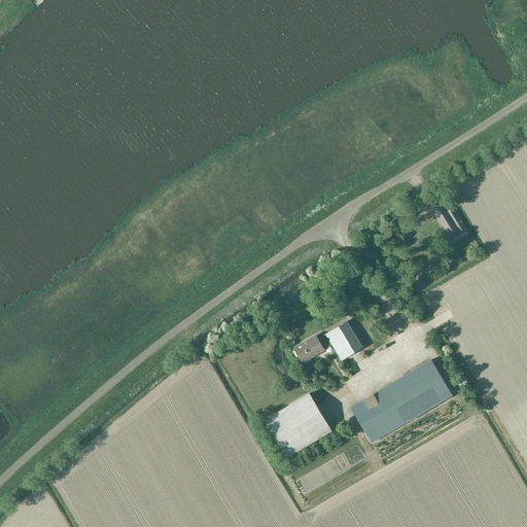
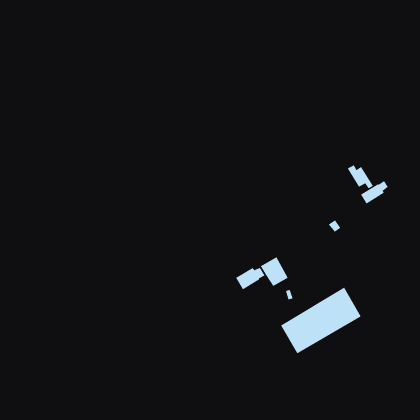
building: none -> [360,180,388,204]
building: [265,393,332,458] -> none

